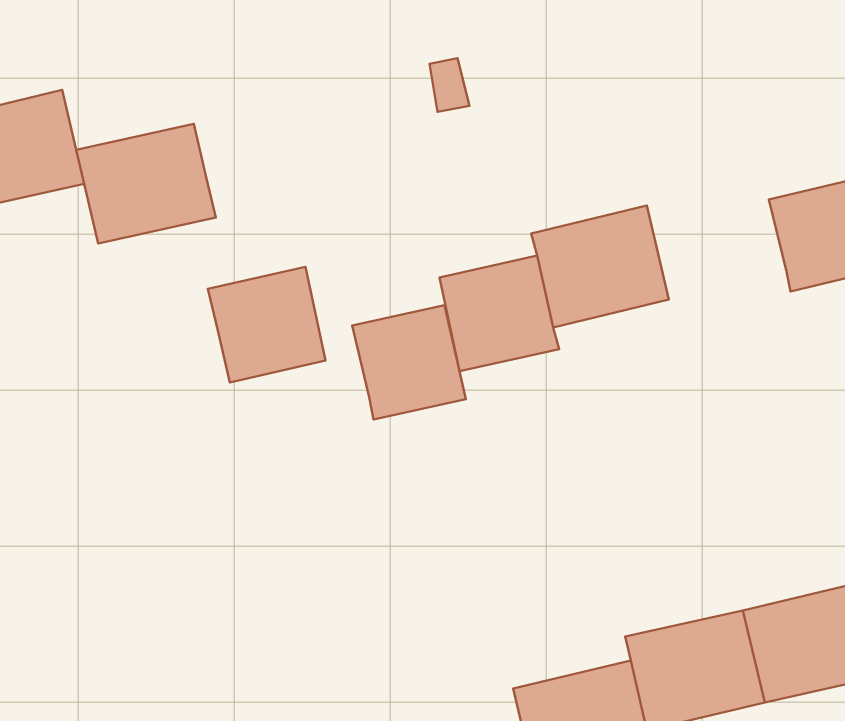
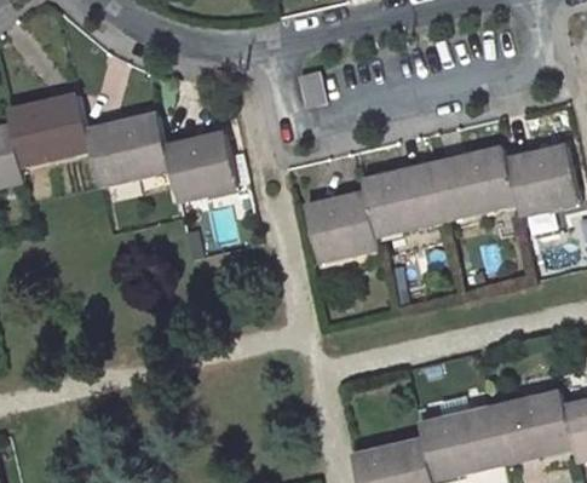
building: none -> [432,146,517,219]
building: [208,267,326,383] -> [165,131,236,201]
building: [352,305,466,419] -> none

